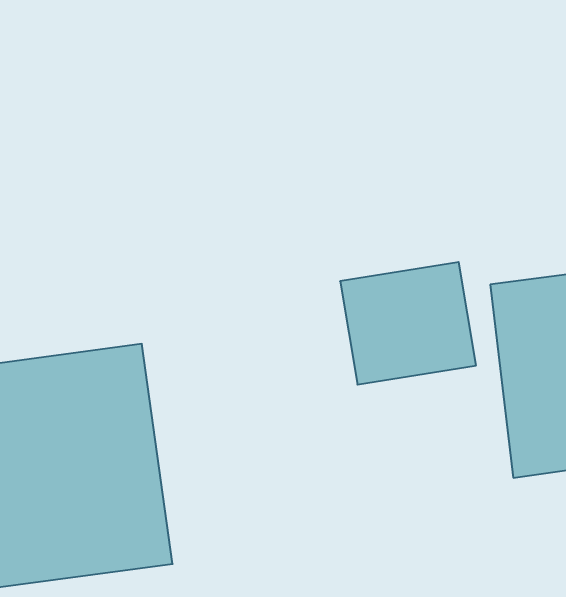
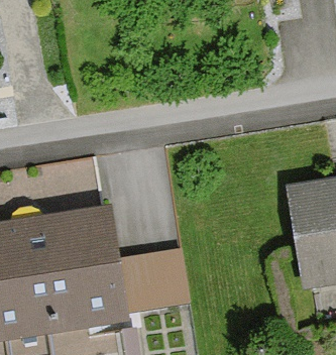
building: [340,262,476,385] -> [122,252,194,317]

